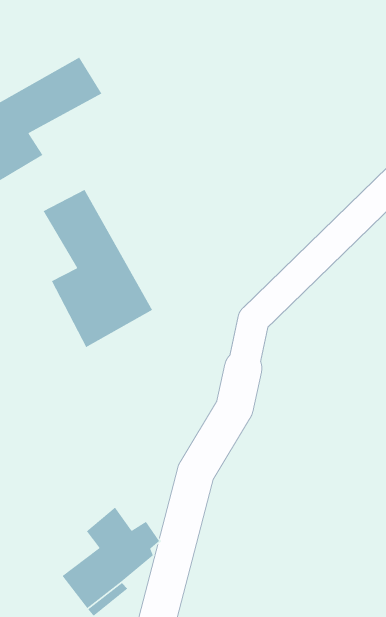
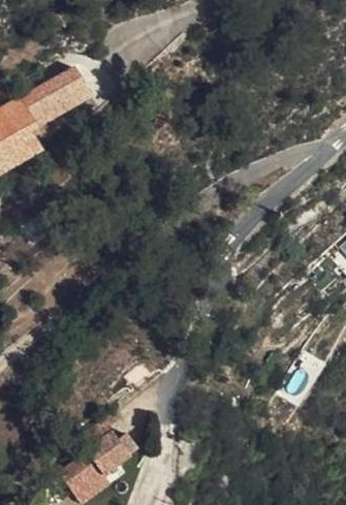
building: [43,189,153,348] -> none

